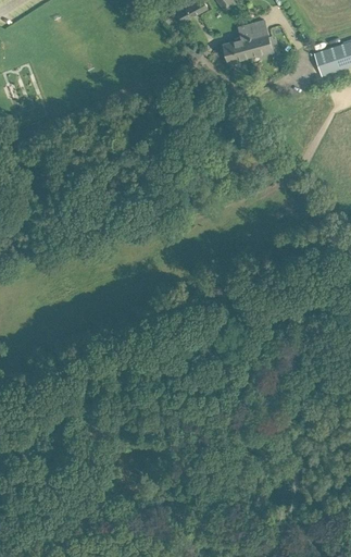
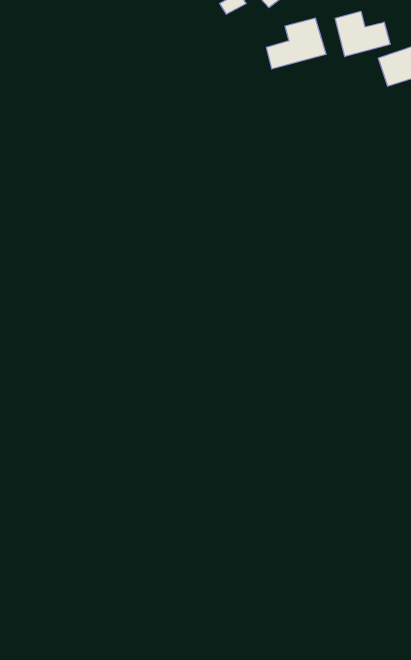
building: none -> [335,11,390,57]

